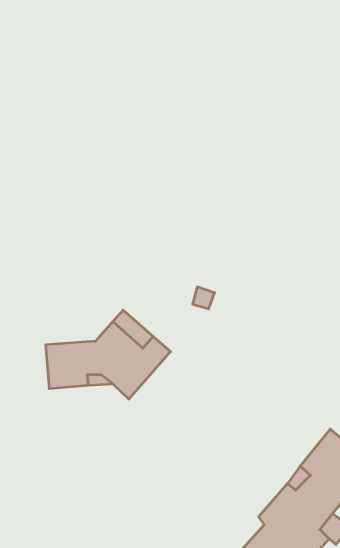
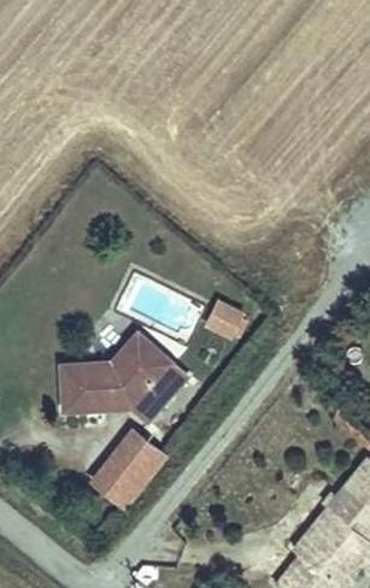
building: none -> [100,437,166,506]

